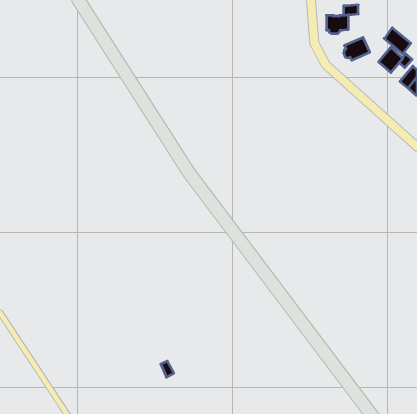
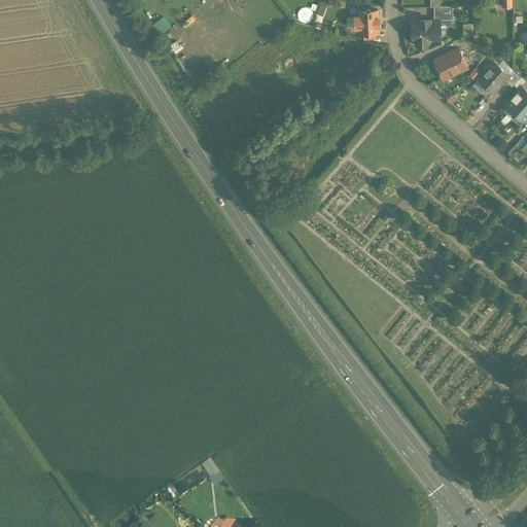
building: none -> [355,9,380,36]
building: [384,28,411,54] -> none

